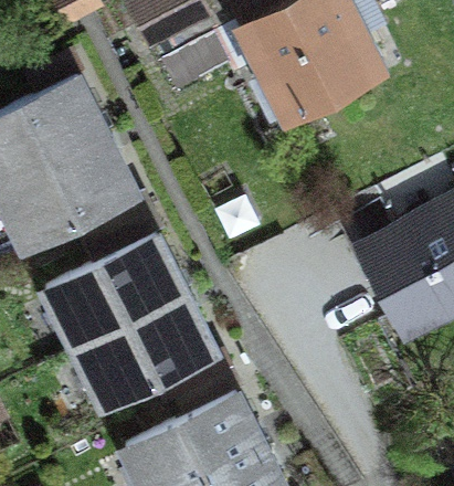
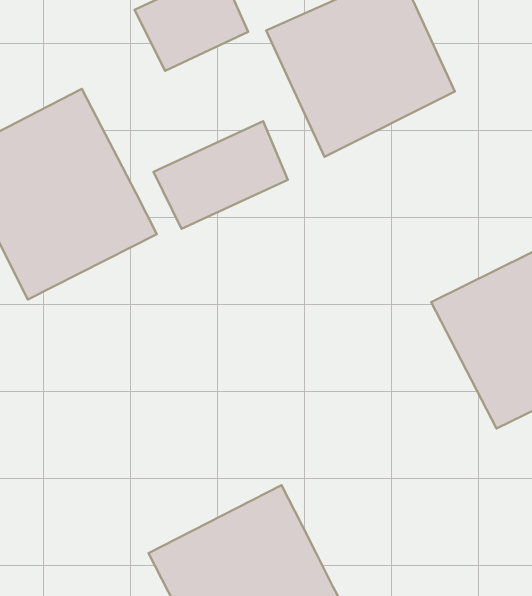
building: none -> [153,121,288,229]
building: [54,235,215,405] -> none

